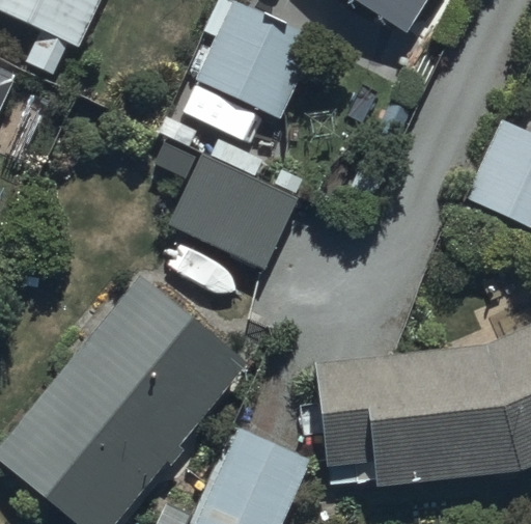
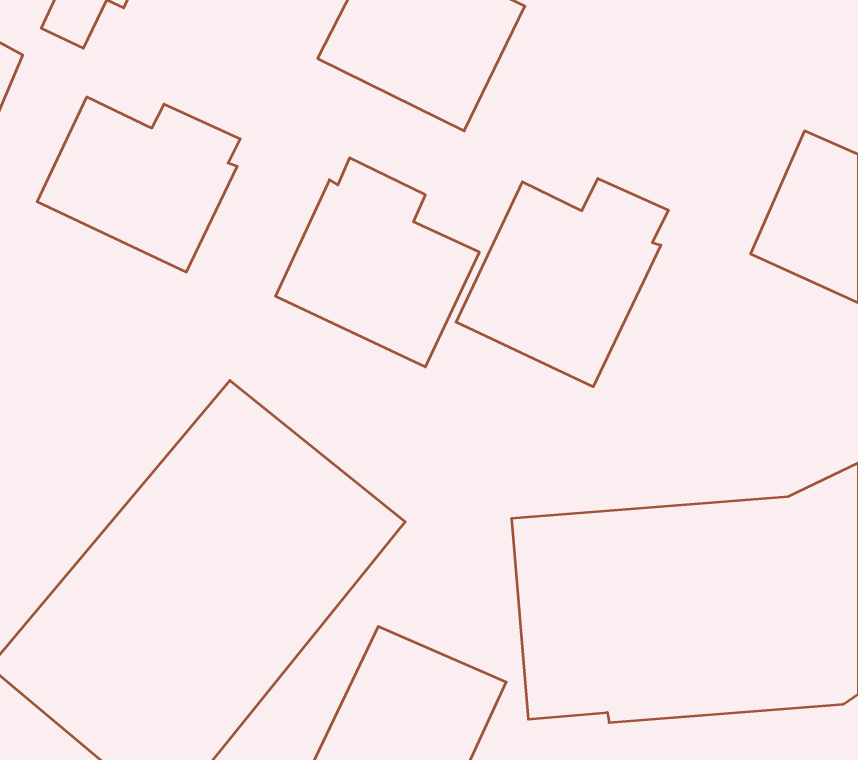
building: none -> [37,97,240,272]
building: none -> [456,178,668,387]

